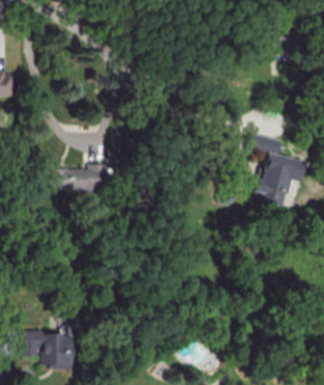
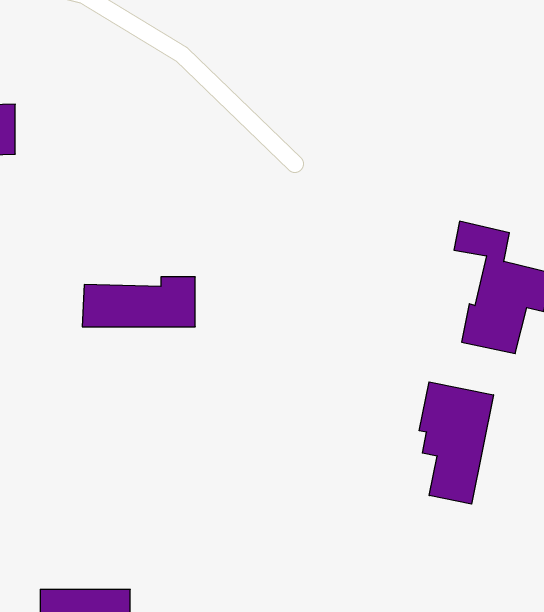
building: none -> [419,382,493,504]

